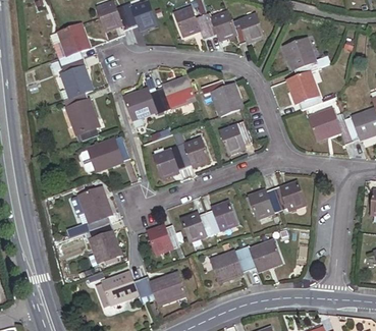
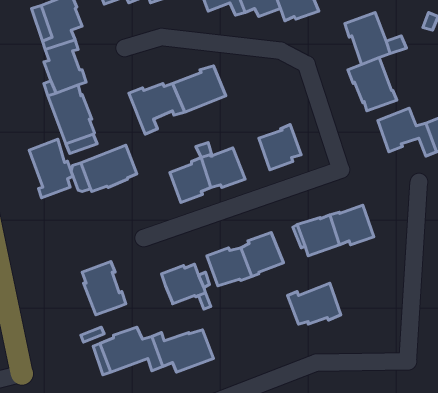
building: [201,79,243,115] -> none
building: [78,186,111,230] -> [29,139,73,198]
building: [209,247,249,282] -> none

